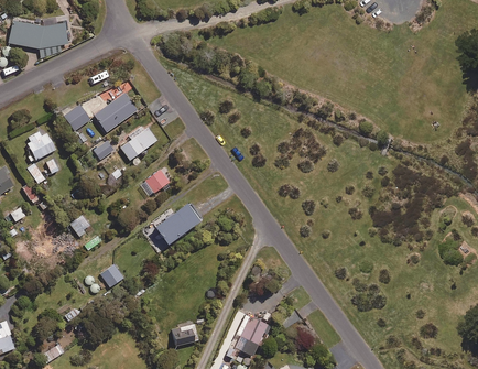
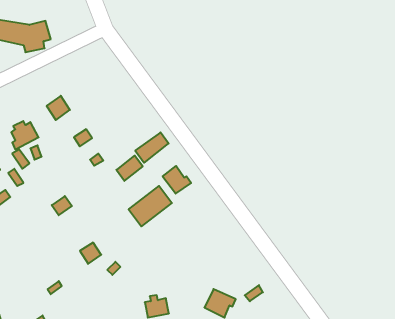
building: [94,94,137,132] -> none
building: [120,128,156,161] -> [135,132,169,163]
building: none -> [163,166,191,194]

